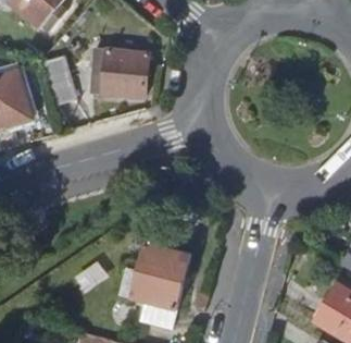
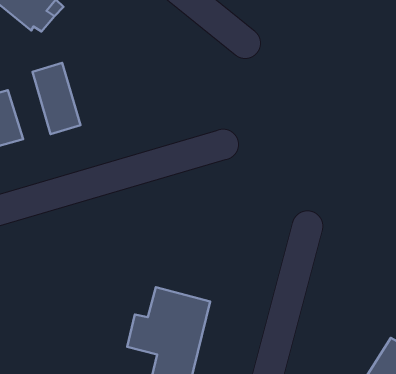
building: [90,49,147,98] -> none

